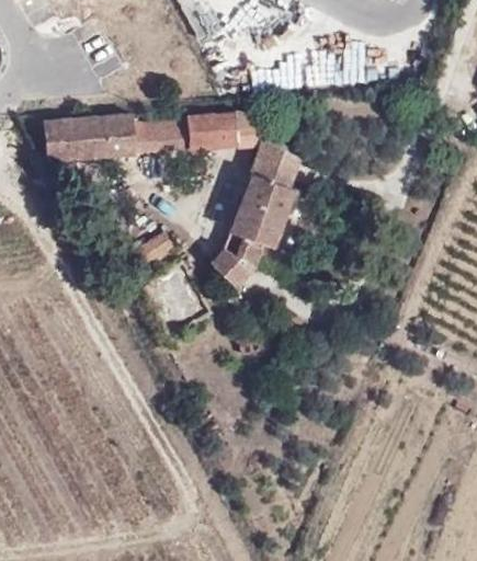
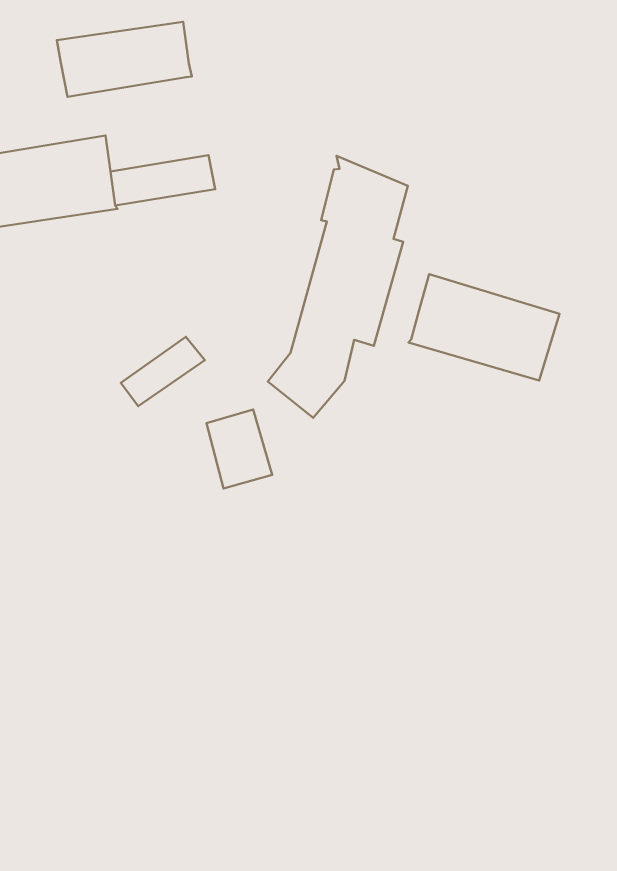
building: [186,112,262,149] -> [57,22,192,97]
building: none -> [408,274,560,380]

